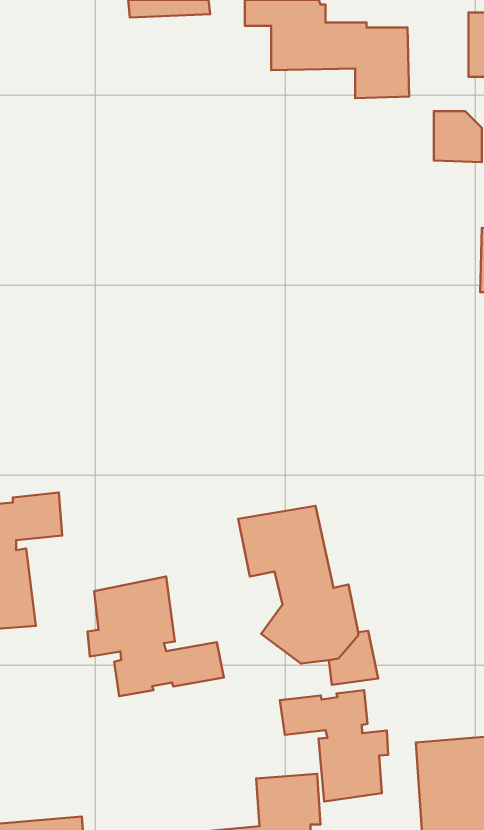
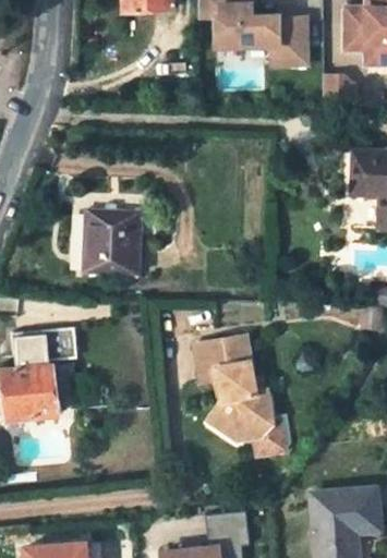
building: none -> [84,210,142,274]
building: [88,577,224,696] -> none
building: [280,690,388,802] -> none

